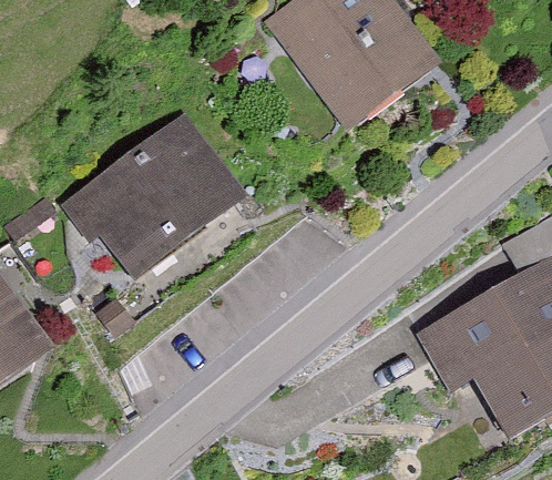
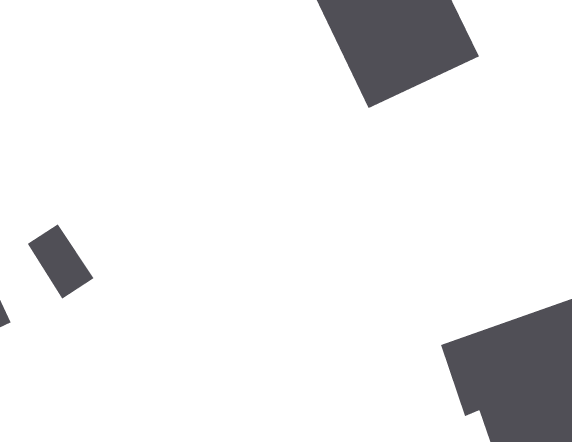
building: [78,124,238,276] -> none

